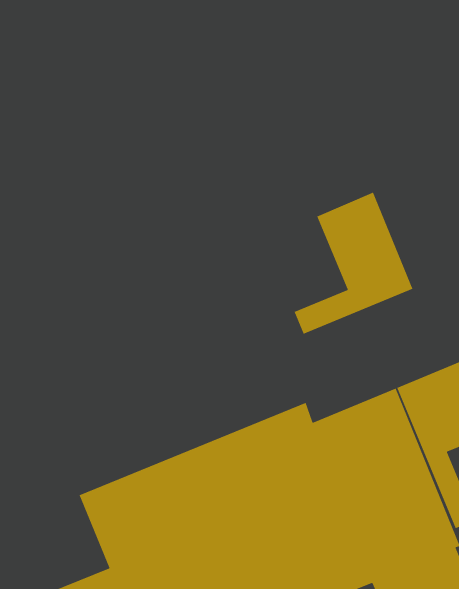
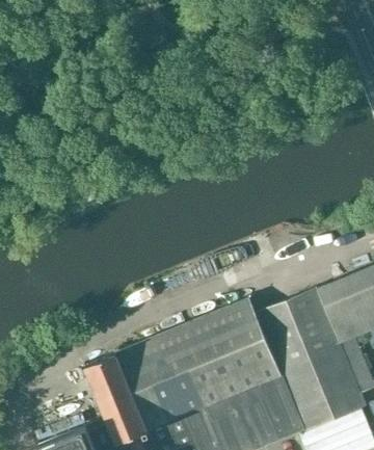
building: [293,191,414,335] -> none

